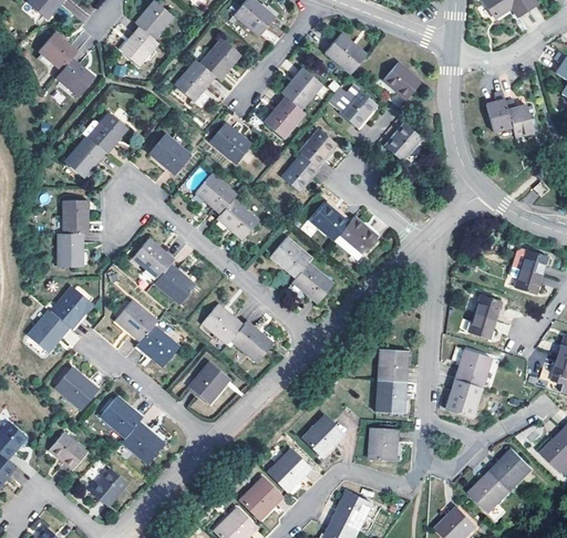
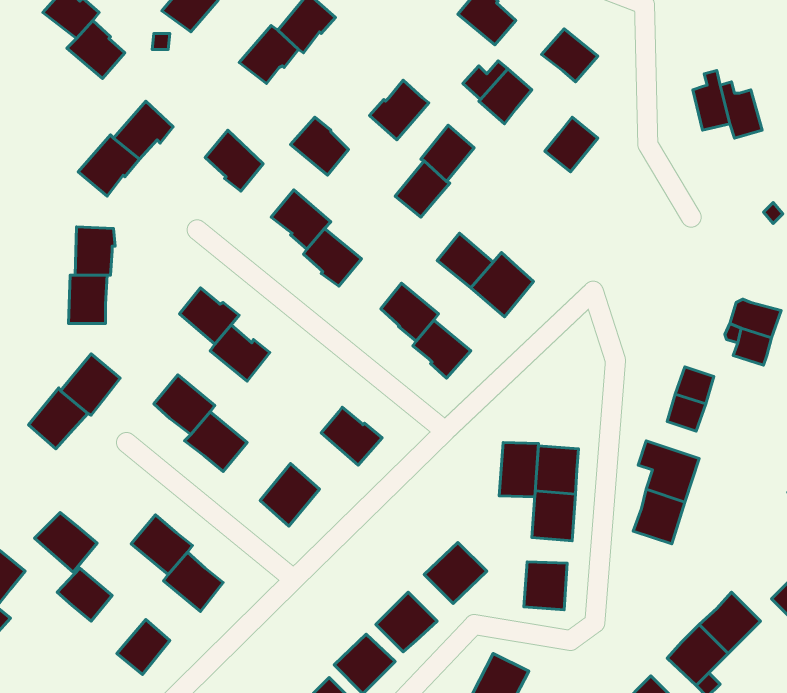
building: [281,69,322,110] -> none
building: [202,306,243,344] -> none
building: none -> [499,443,539,497]
building: [53,368,96,408] -> [35,512,97,572]

